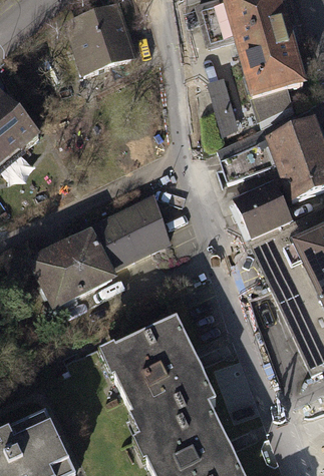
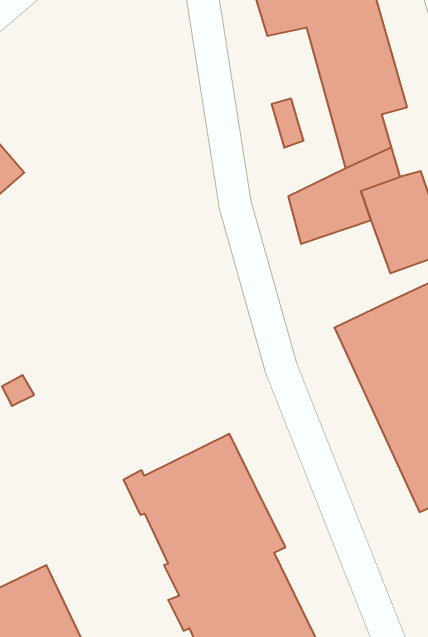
building: [65,13,132,82] -> none
building: [238,185,293,243] -> none
building: [27,192,174,310] -> none

